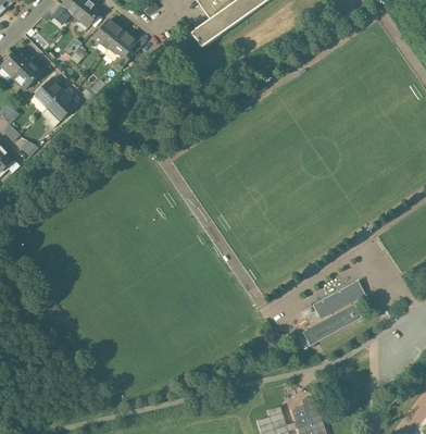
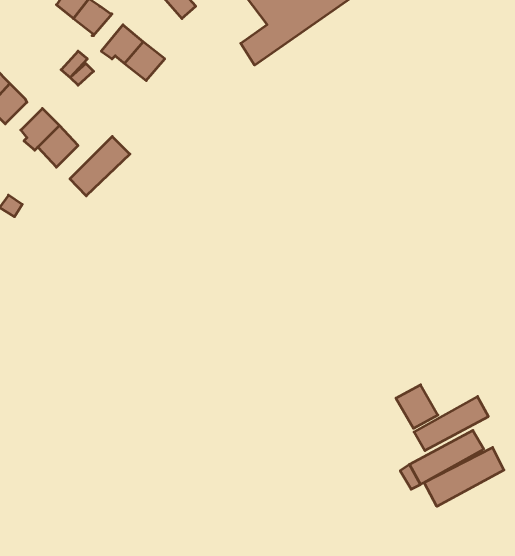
building: none -> [70,136,130,196]
building: none -> [396,385,438,428]
building: none -> [424,447,504,506]

